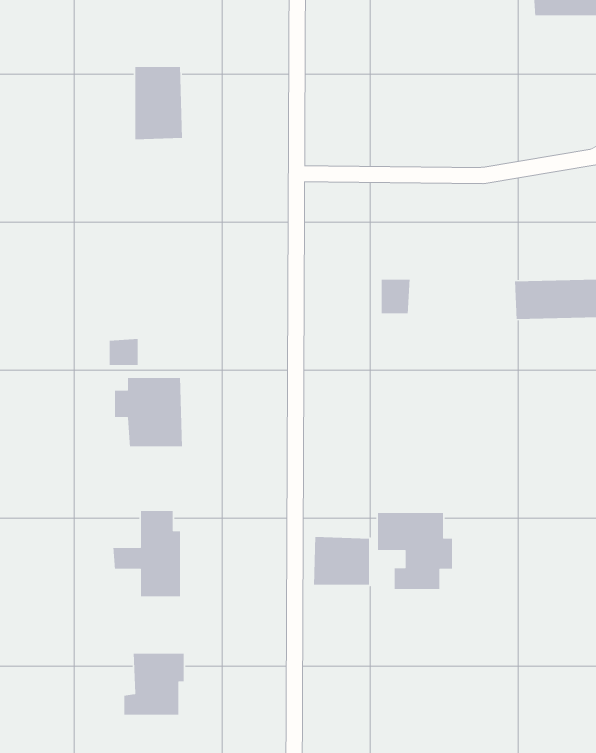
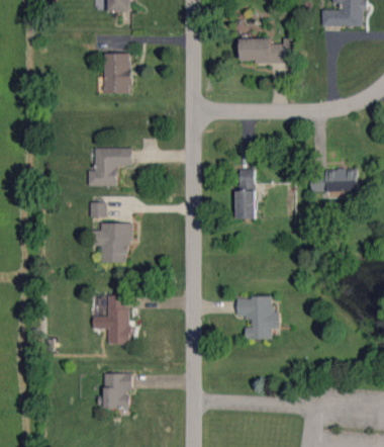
building: none -> [239,37,292,62]
building: none -> [88,148,131,185]
building: none -> [235,190,256,218]
building: [313,536,370,585] -> none

